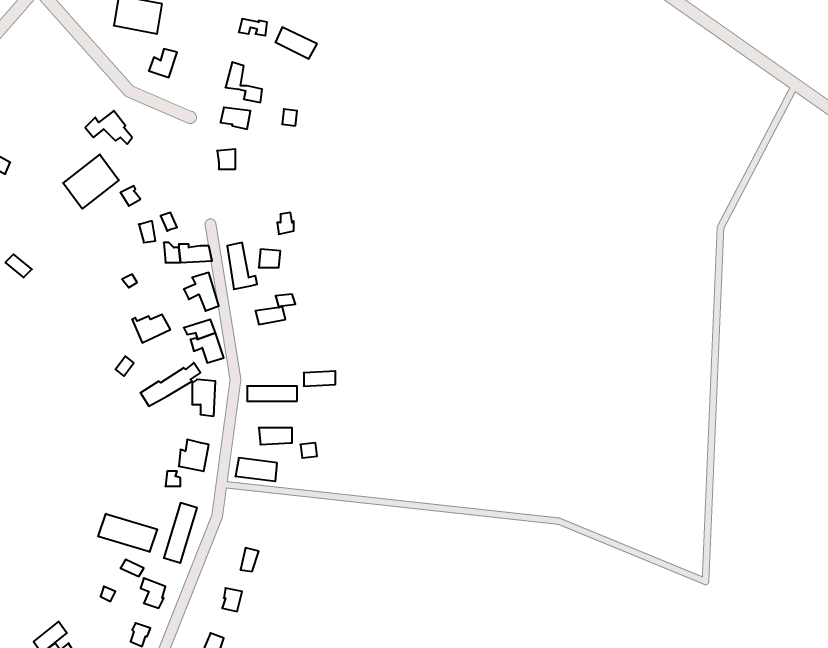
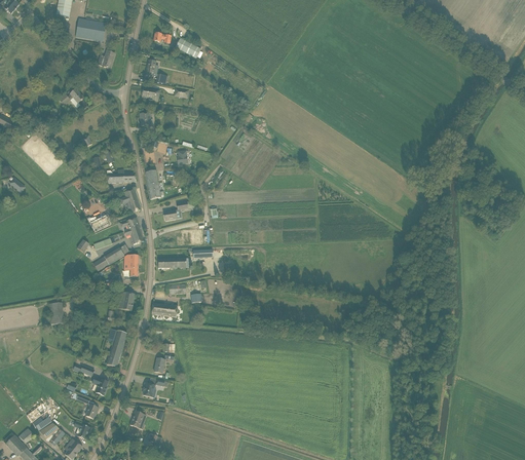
building: [63,154,119,209] -> none
building: [98,514,157,552] -> none

